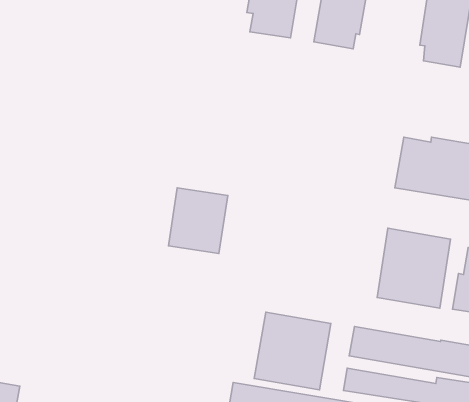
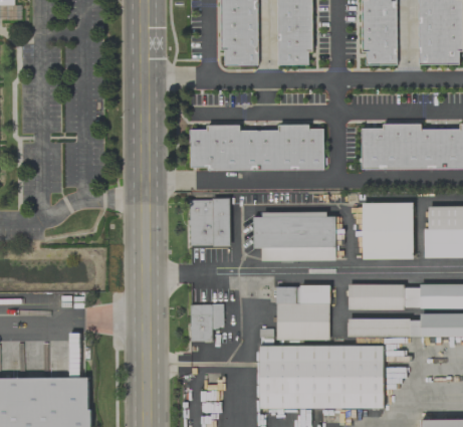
building: none -> [189,125,323,171]
building: none -> [252,212,335,261]
building: none -> [189,304,222,342]

